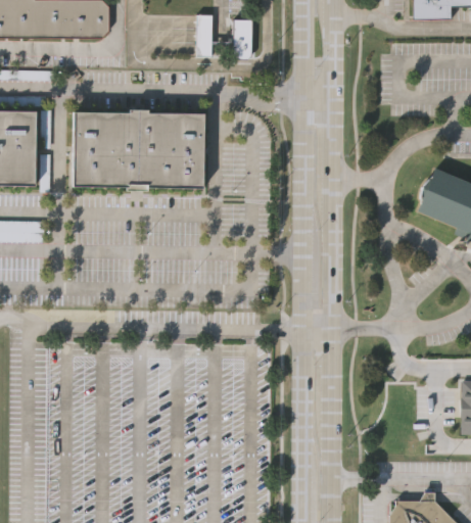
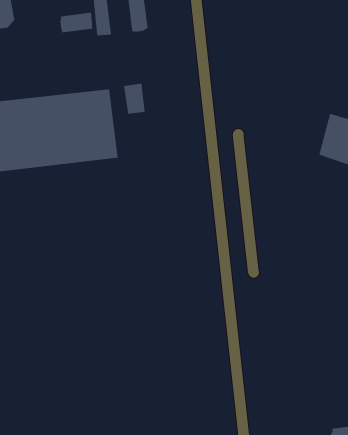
building: none -> [60,12,93,33]
building: none -> [123,83,145,114]

